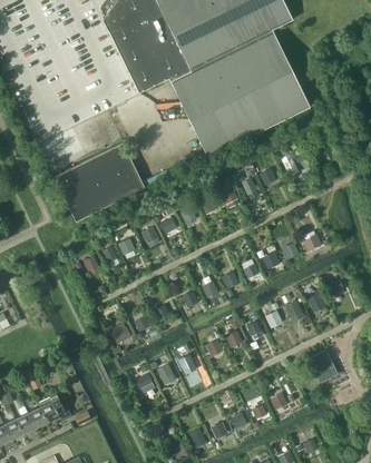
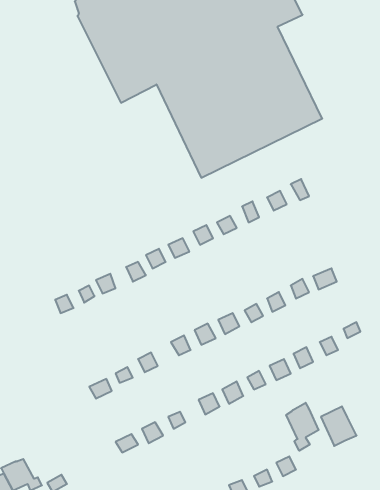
building: [57,142,145,219] -> none
building: none -> [286,403,319,451]

